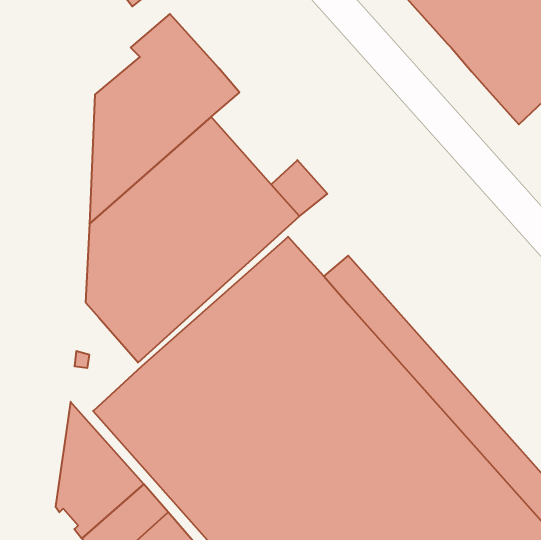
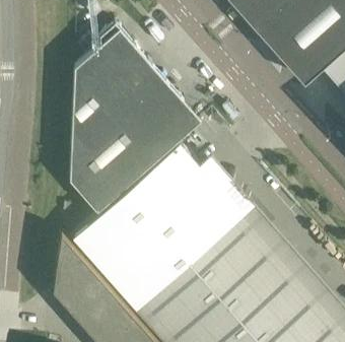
building: none -> [137,67,184,117]

